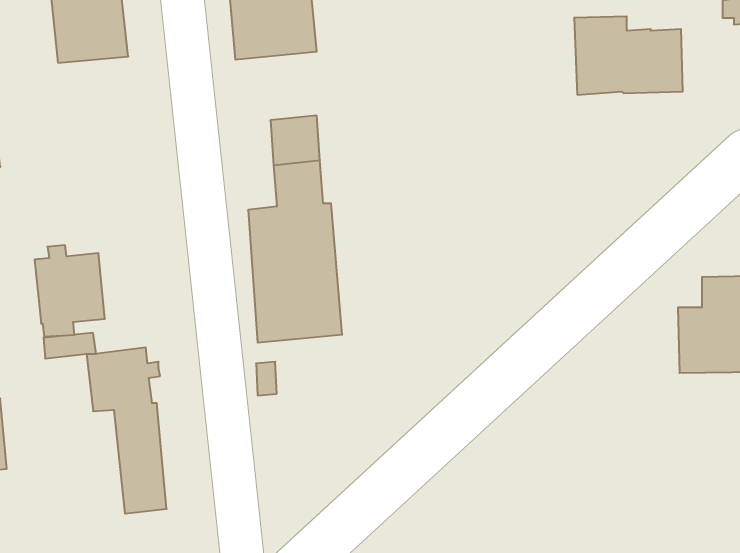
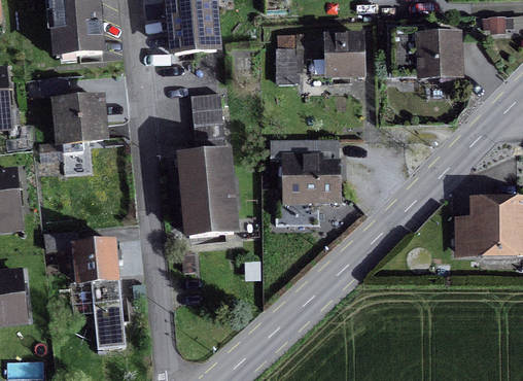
building: none -> [324,30,365,78]
building: none -> [276,33,304,83]
building: none -> [271,138,342,205]
building: [35,245,105,336] -> [56,93,101,151]

